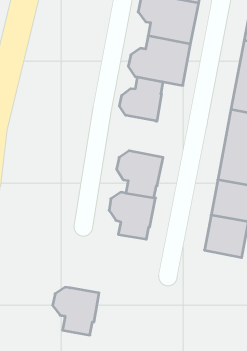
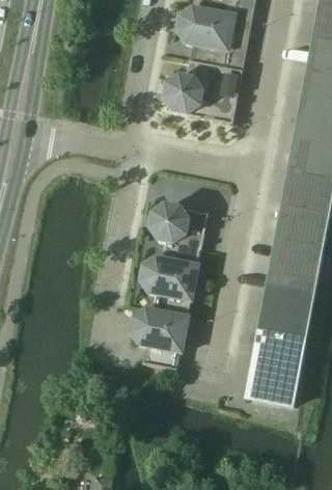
building: [119,77,163,121] -> none
building: none -> [247,329,306,405]
building: [53,287,99,335] -> [130,308,188,369]

